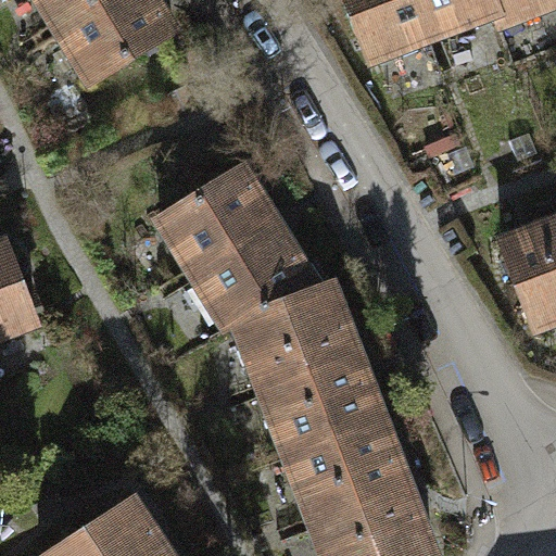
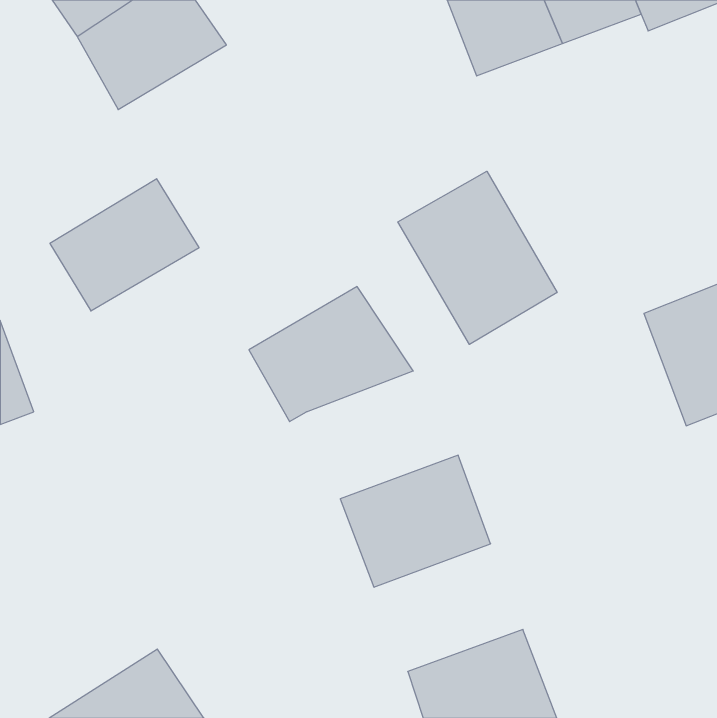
building: none -> [398,171,557,344]
building: [162,168,277,270] -> [50,179,199,311]
building: [238,285,355,386] -> none
building: [290,420,405,519] -> none

